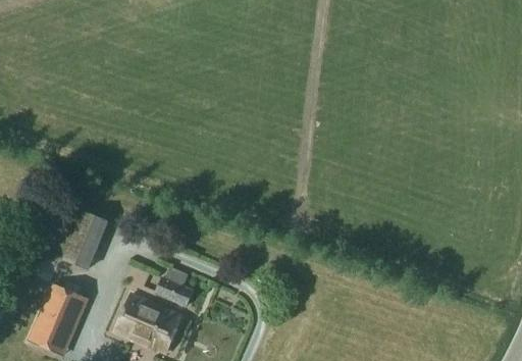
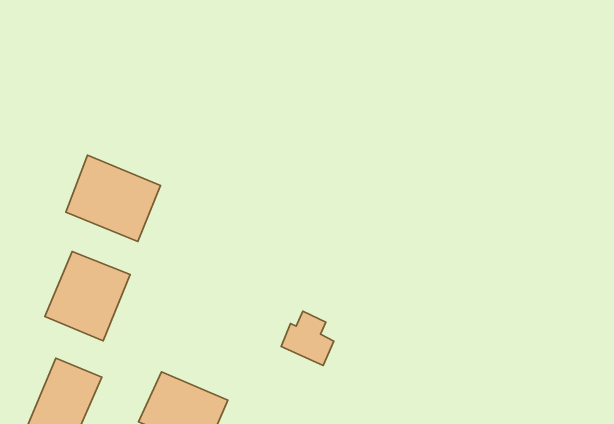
building: none -> [66,155,161,241]
building: [155,266,195,307] -> [281,311,334,365]

